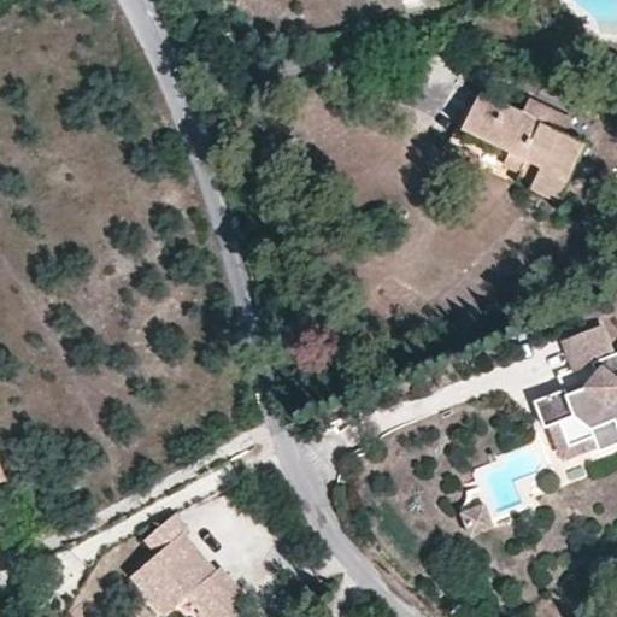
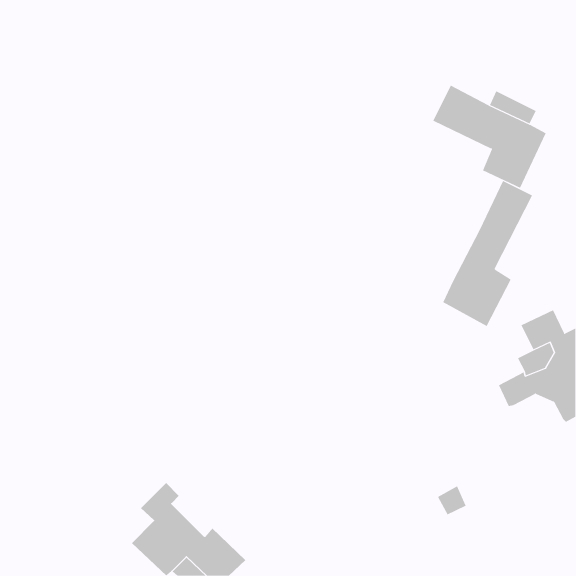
building: none -> [442,180,533,327]
building: [548,421,600,464] -> none

